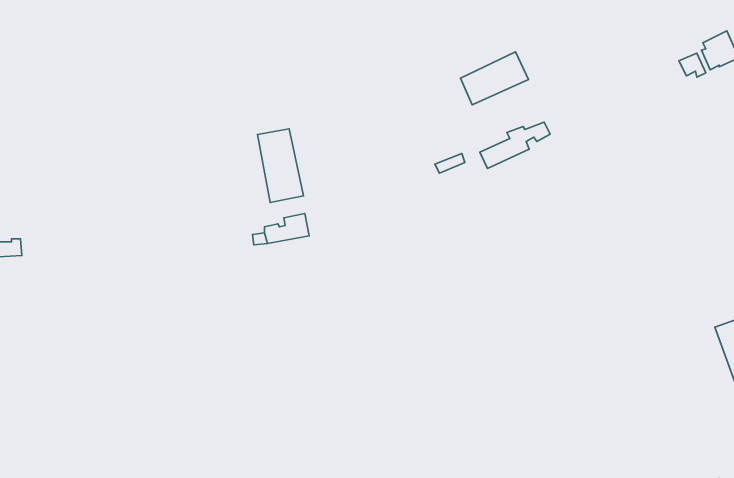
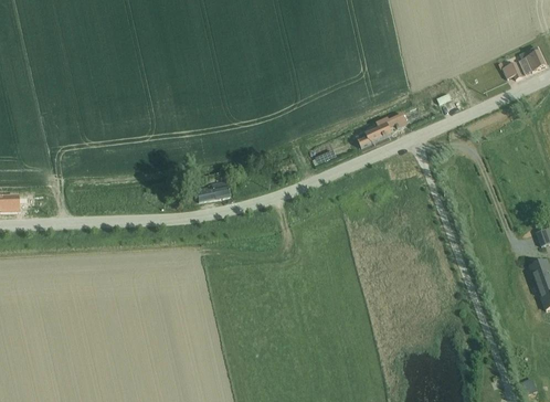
building: [460,52,528,105] -> none
building: [257,129,303,203] -> none

